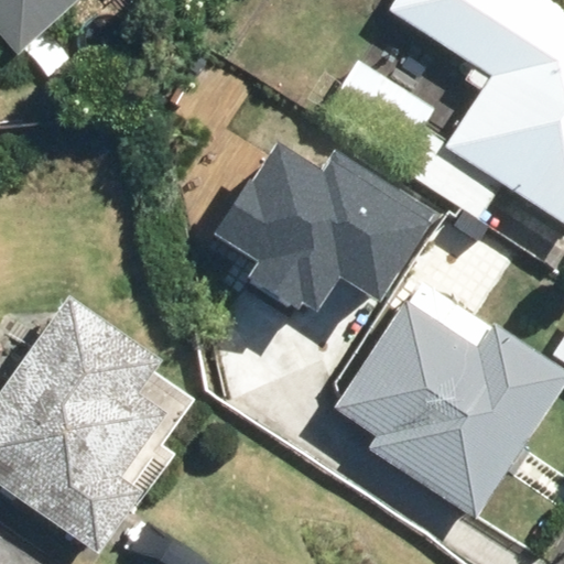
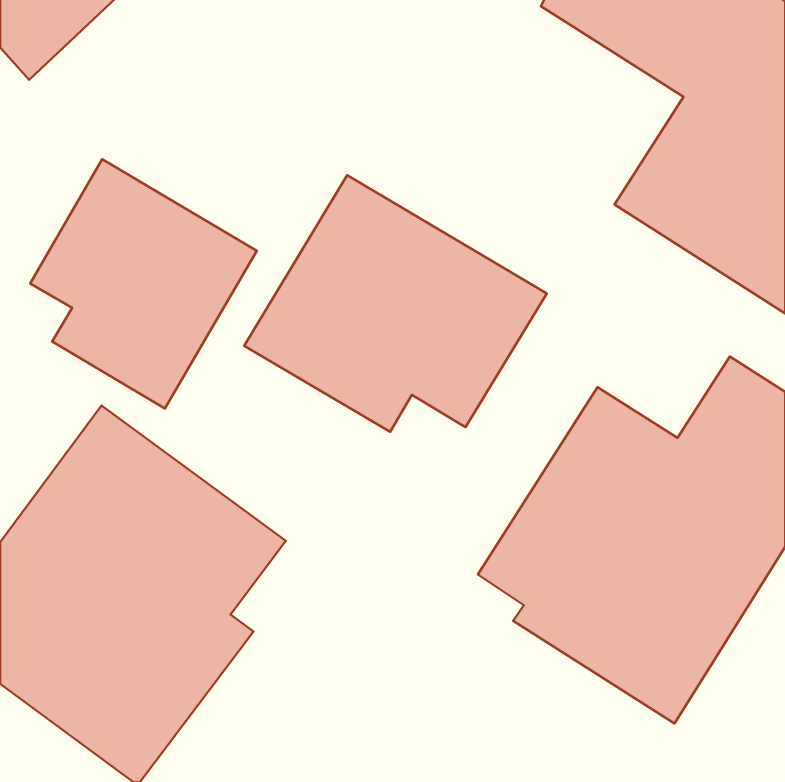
building: none -> [30,159,257,409]

